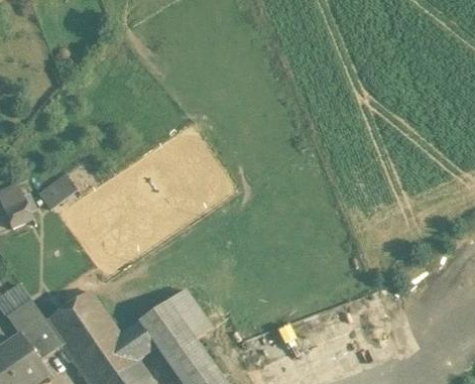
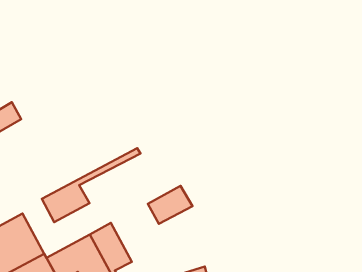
building: none -> [42,148,140,222]
building: none -> [148,186,192,224]

